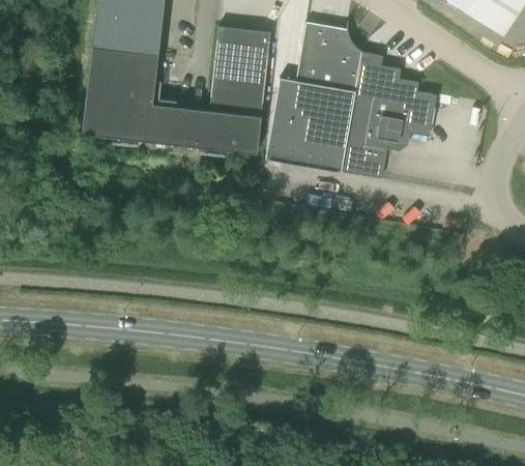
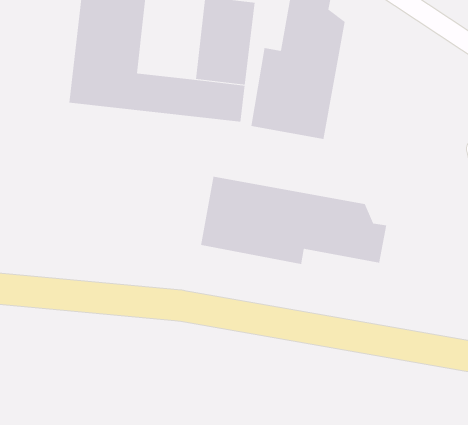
building: [341,52,437,178] -> none
building: none -> [200,176,387,265]

